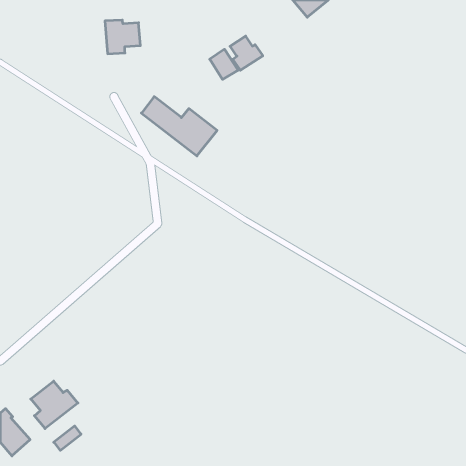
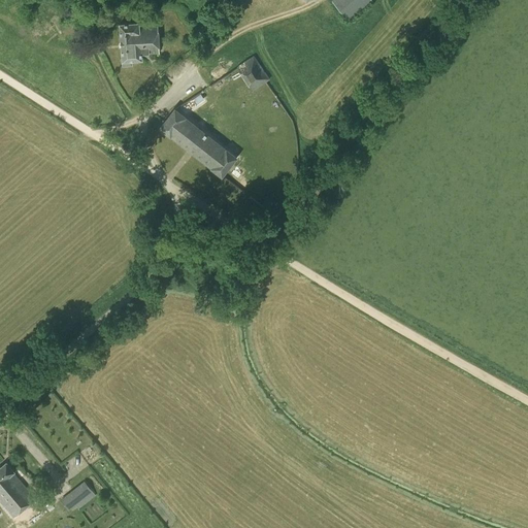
building: [230,36,263,70] -> none
building: [31,381,78,429] -> none

